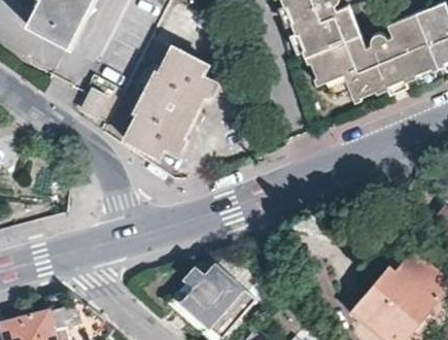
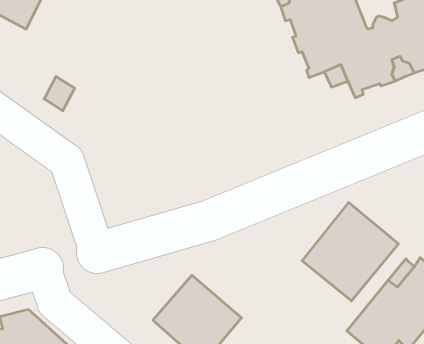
building: [126,47,211,158] -> none
building: none -> [302,202,398,301]

